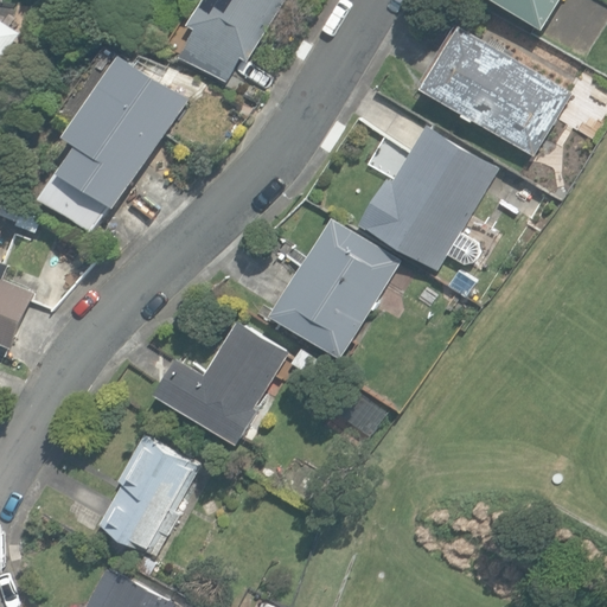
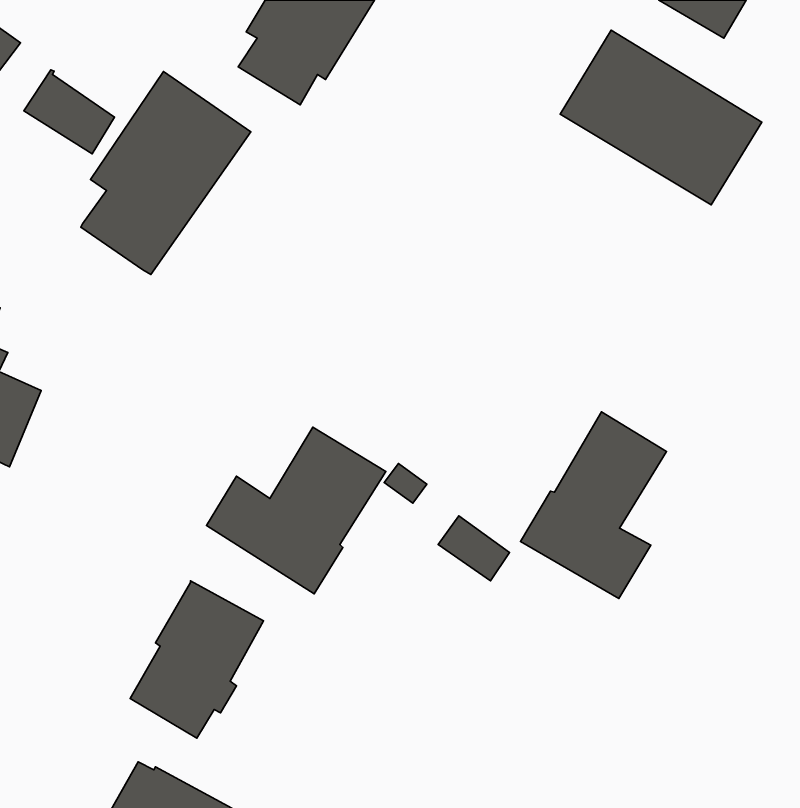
building: [356,127,494,273] -> none
building: [39,168,107,231] -> [24,70,114,154]
building: [269,218,398,359] -> none
building: none -> [521,412,667,598]

